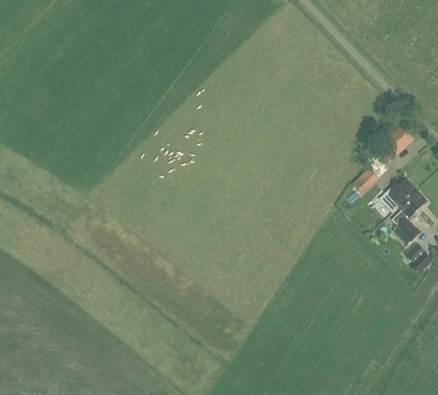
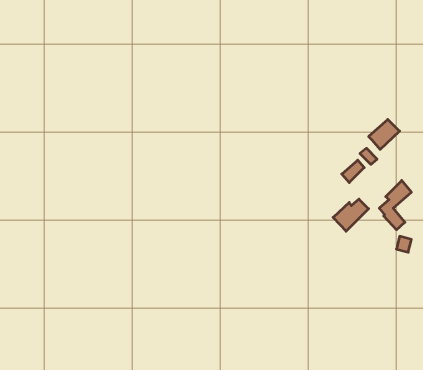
building: [379,179,415,212] -> [333,199,369,231]

